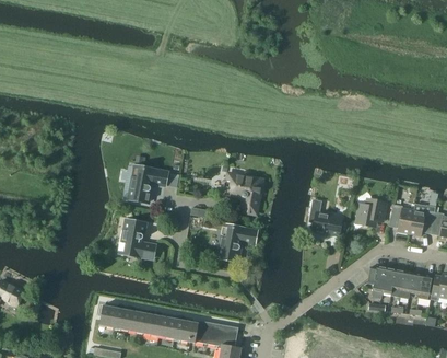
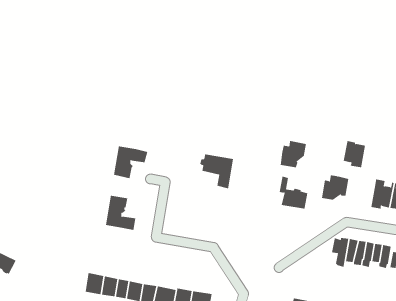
building: none -> [280,140,307,168]
building: [388,203,413,232] -> [343,141,366,168]
building: [217,224,256,259] -> none

